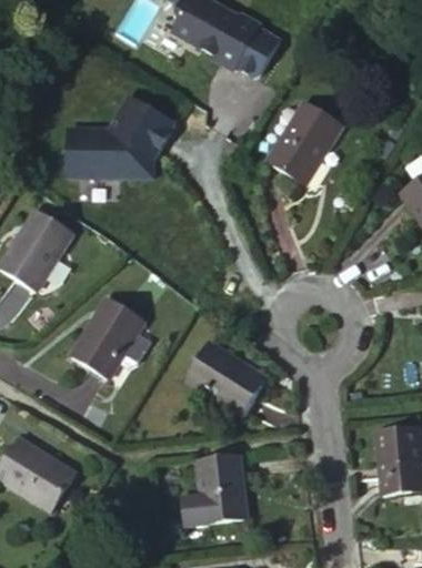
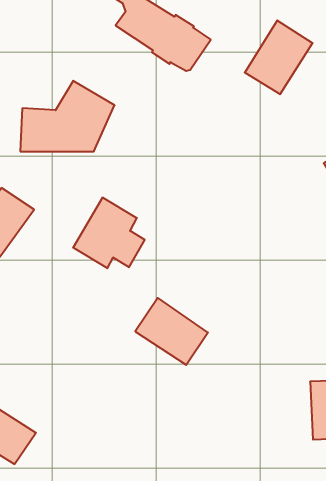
building: [267,93,343,176] -> [245,20,313,94]
building: [74,300,155,379] -> [73,198,145,268]
building: [187,452,244,521] -> none

